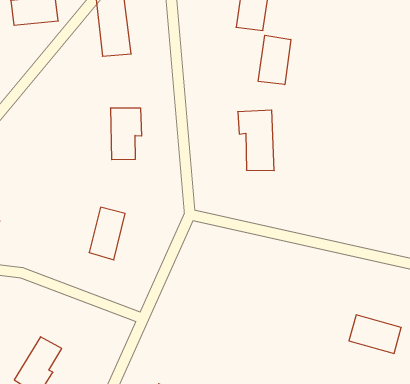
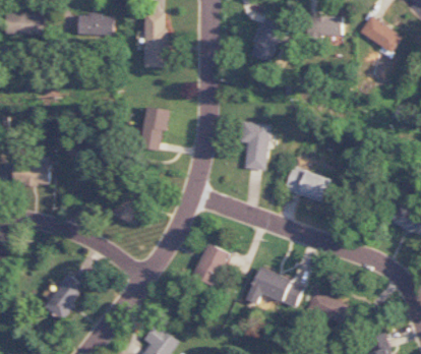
building: [258,35,291,85] -> none
building: none -> [285,166,332,202]
building: none -> [192,243,230,287]
building: none -> [246,268,304,307]

